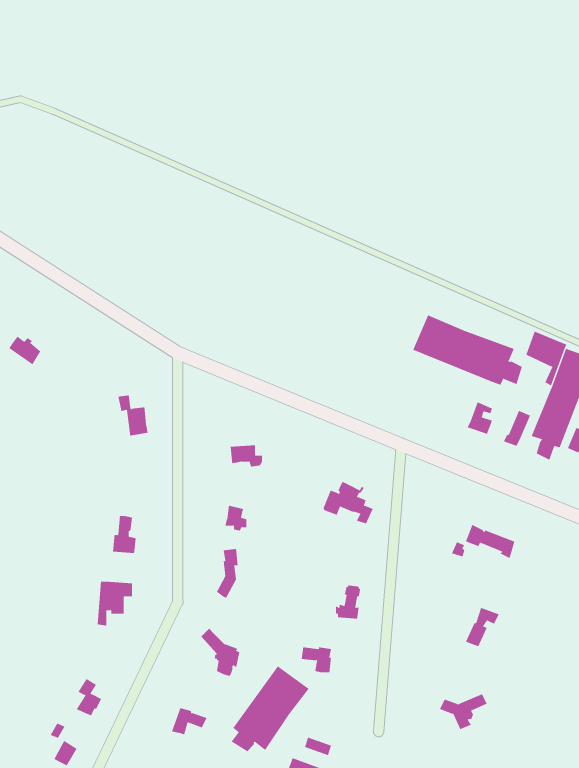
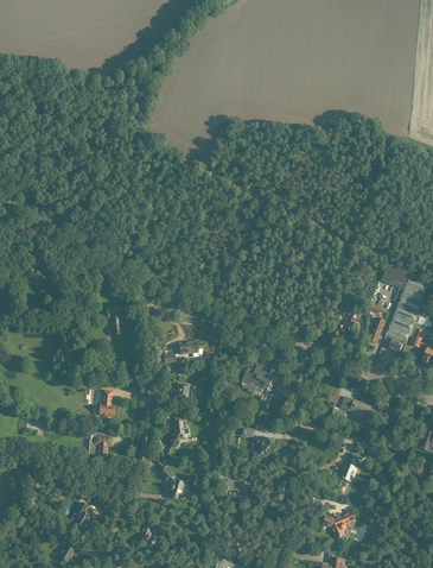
building: [413,315,523,386] -> none
building: [231,665,309,752] -> none

